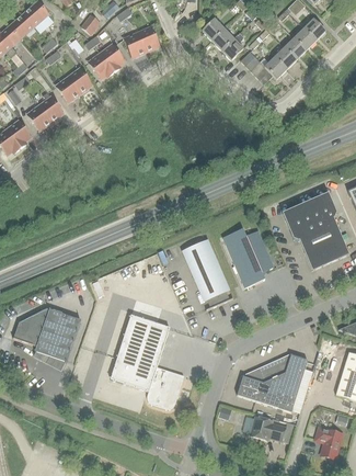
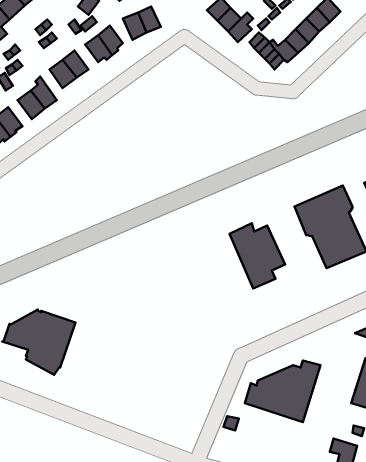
building: [185,240,233,309] -> none
building: [110,315,184,408] -> none
building: [250,416,286,440] -> none

